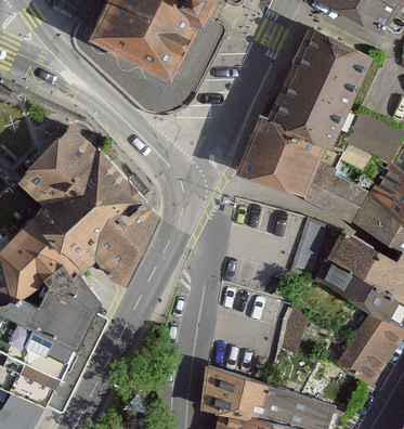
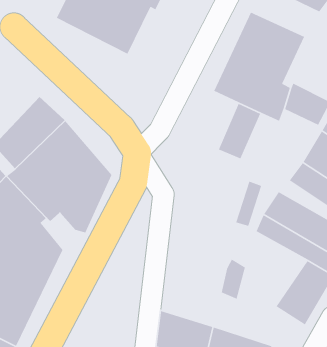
building: [239,117,297,186] -> none
building: [300,145,369,221] -> none

